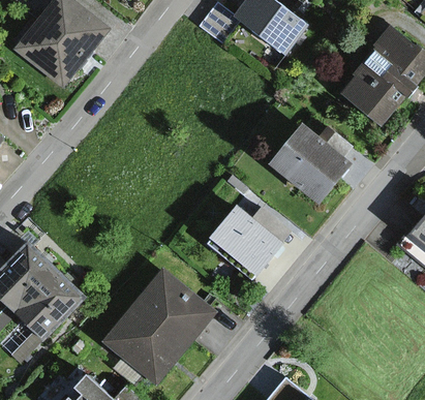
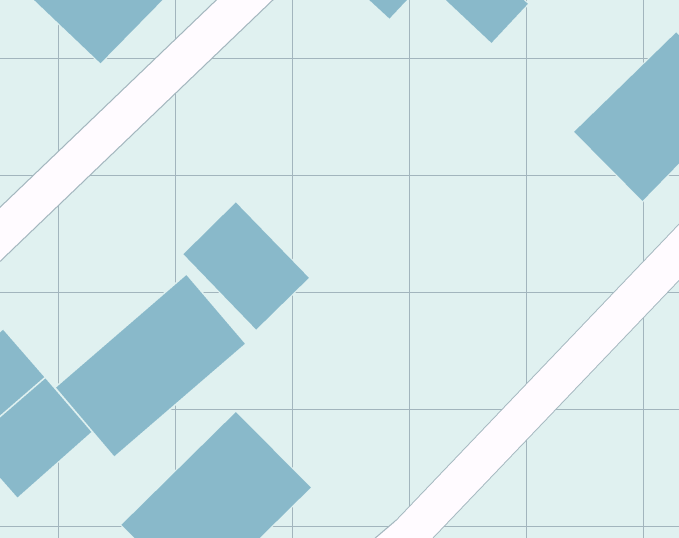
building: [267,128,346,206] -> none
building: none -> [55,274,246,457]
building: [205,211,278,282] -> [182,202,310,330]

